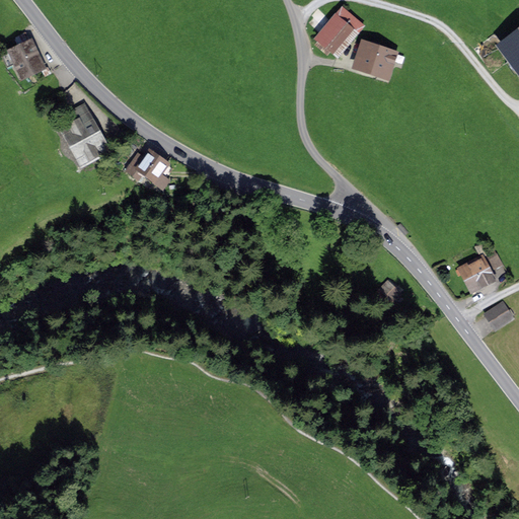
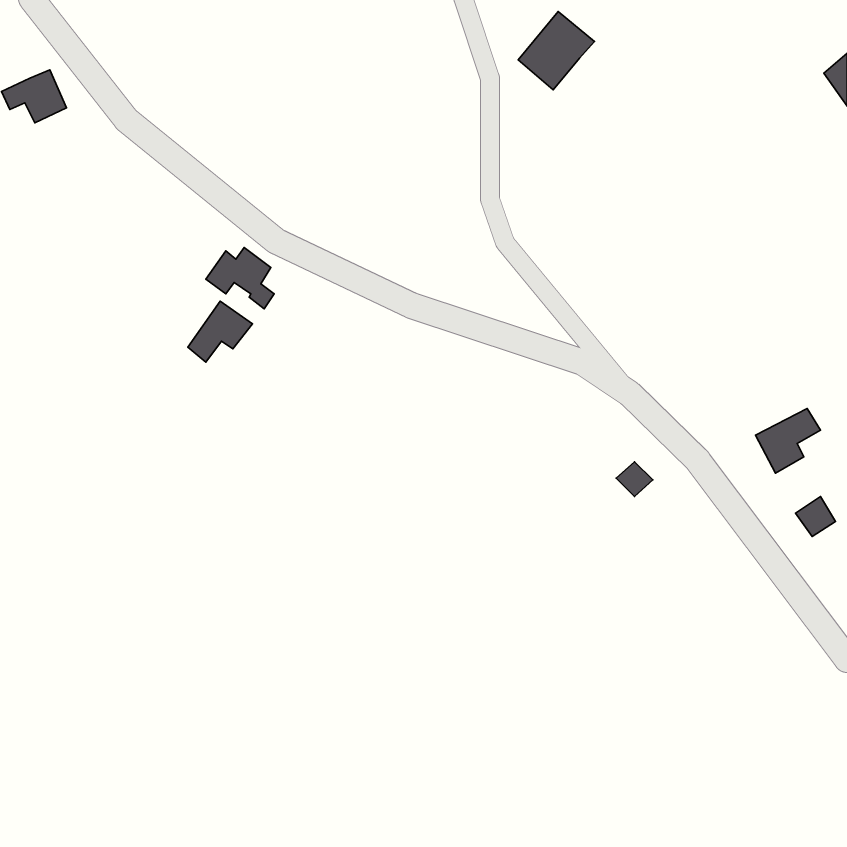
building: [355,42,395,74] -> none
building: [64,116,103,161] -> none
building: none -> [188,301,252,362]

